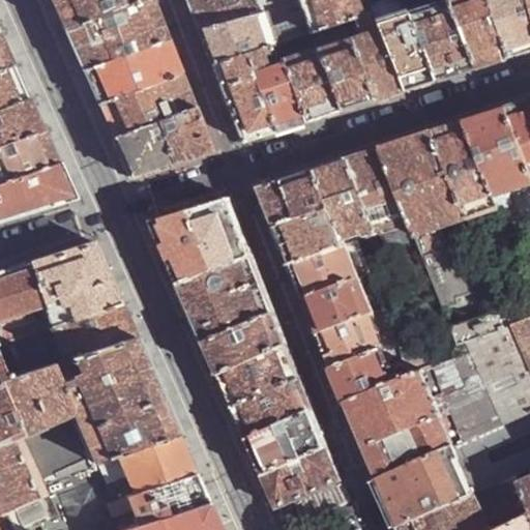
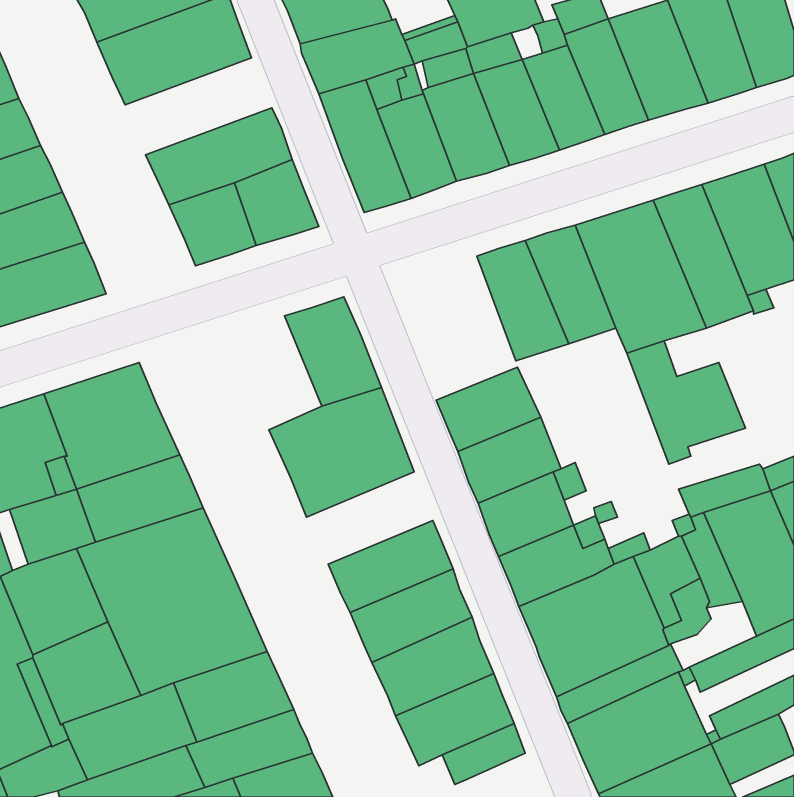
building: [83,38,180,102] -> none
building: [259,170,343,265] -> none
building: [150,209,213,285] -> none
building: [203,313,287,374] -> none

